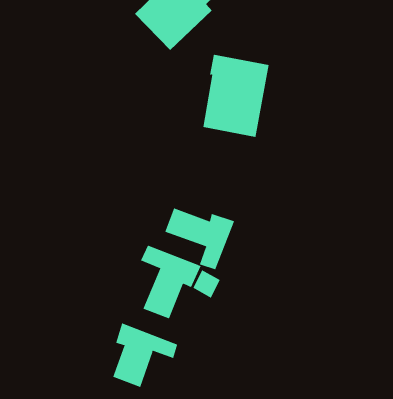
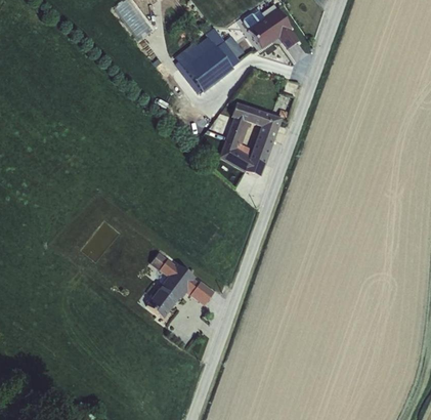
building: [164,208,235,270] -> none
building: [113,322,178,388] -> none

